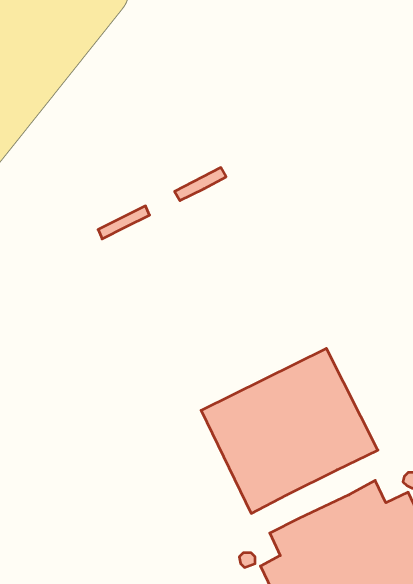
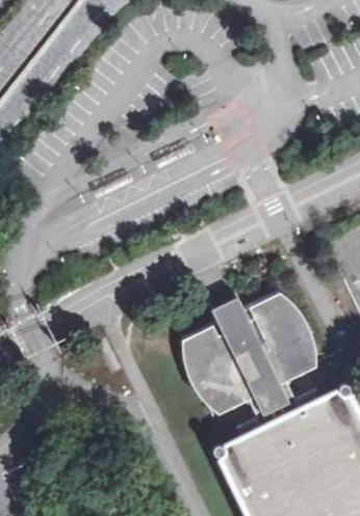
building: none -> [249,383,298,422]

